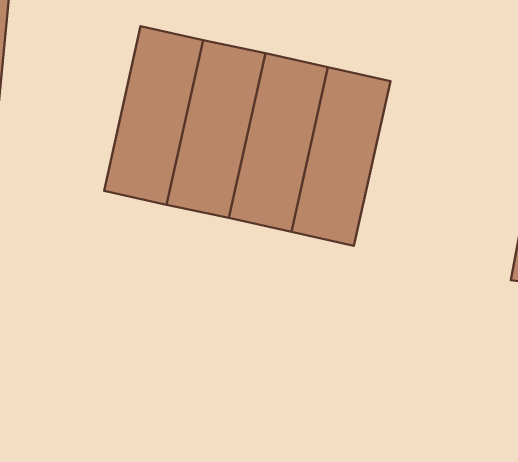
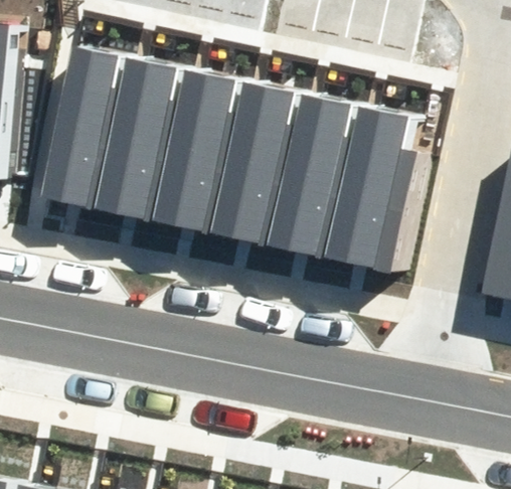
building: none -> [46,43,139,210]
building: none -> [338,108,422,275]

